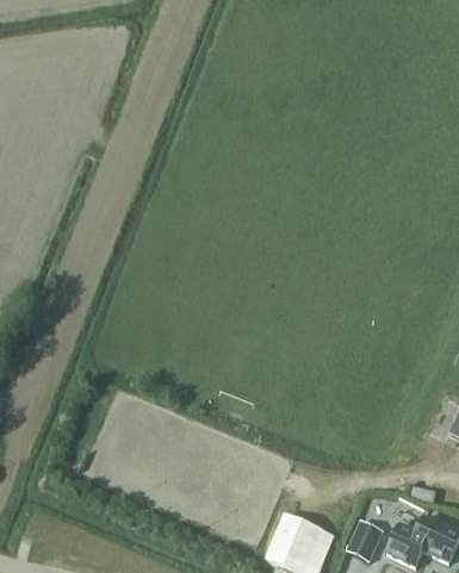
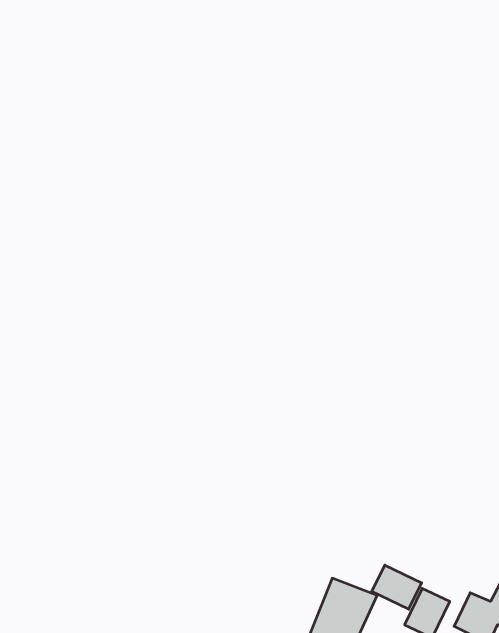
building: none -> [372,565,422,609]

